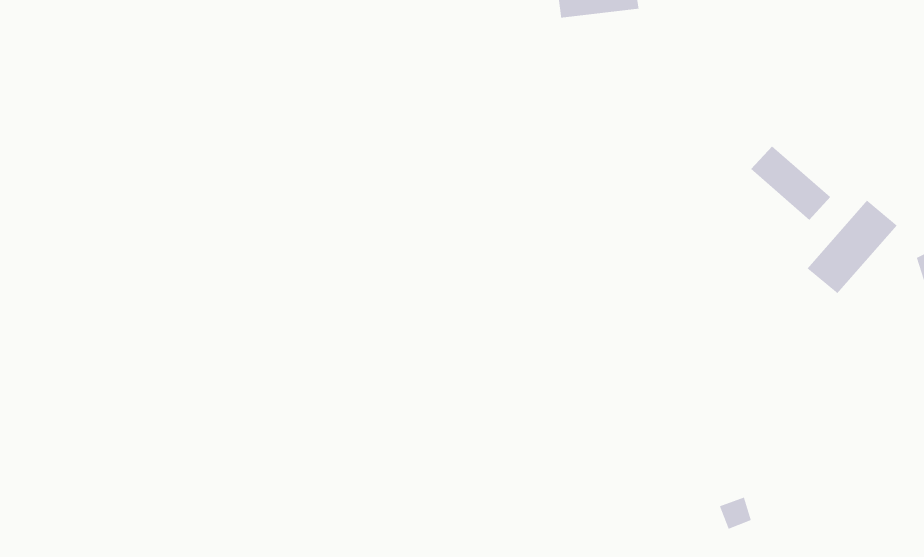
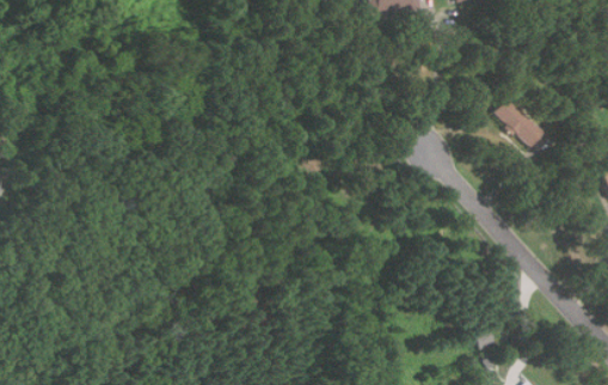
building: [806,200,898,294] -> none

